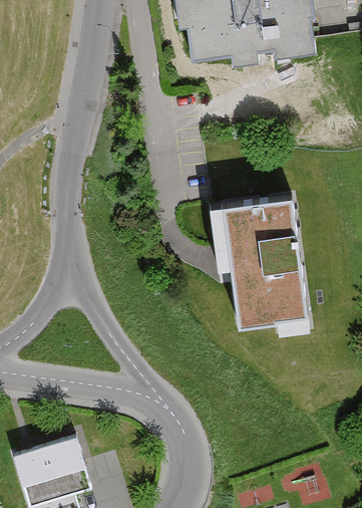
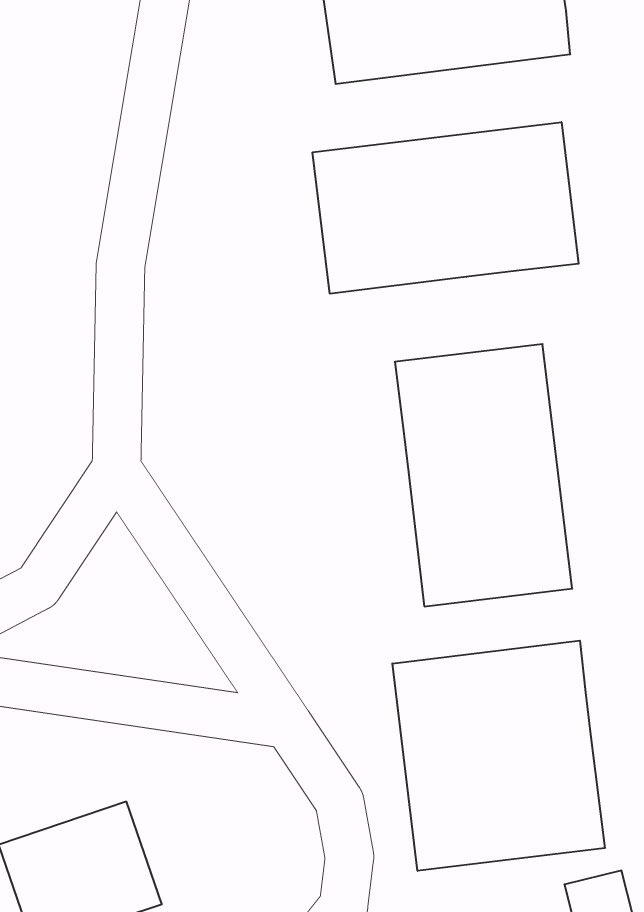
building: none -> [313,122,579,294]
building: none -> [392,641,605,871]

